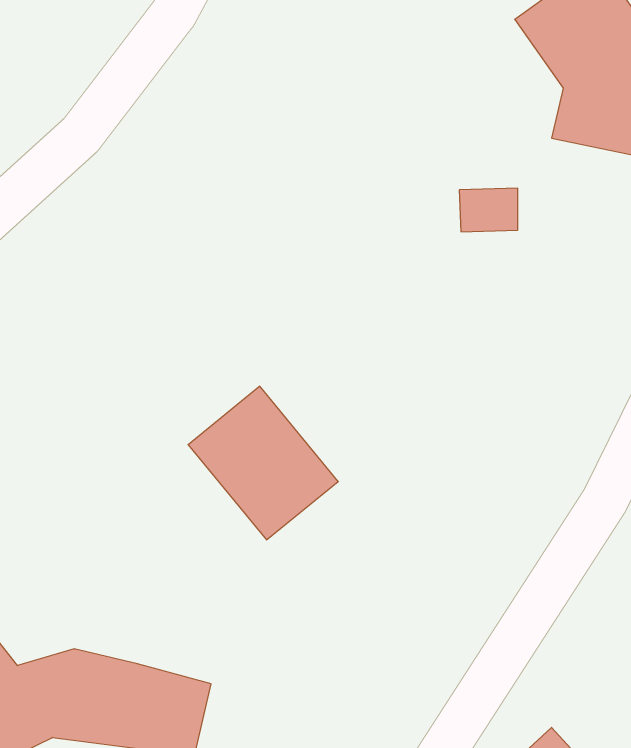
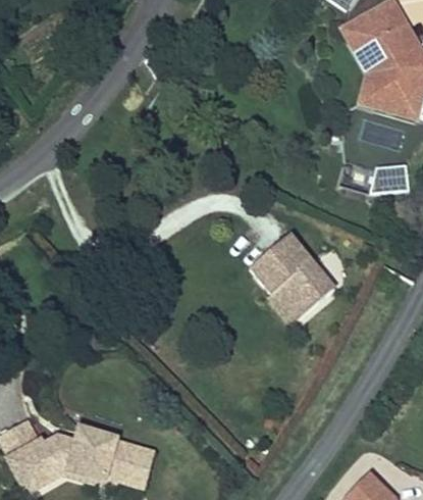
building: [459,188,518,232] -> [371,164,407,191]
building: [188,386,338,540] -> [243,227,334,320]

